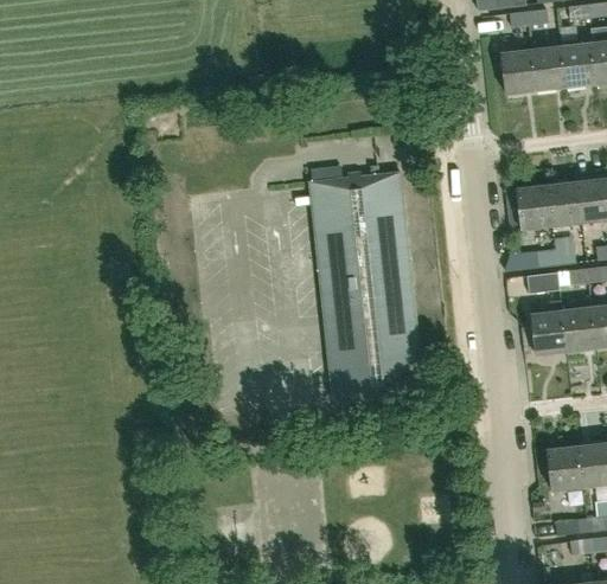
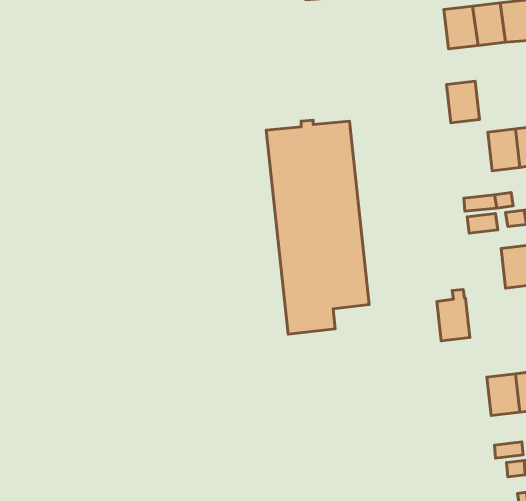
building: [518,184,554,229] -> [446,81,479,123]
building: [532,300,568,355] -> [437,289,470,341]

